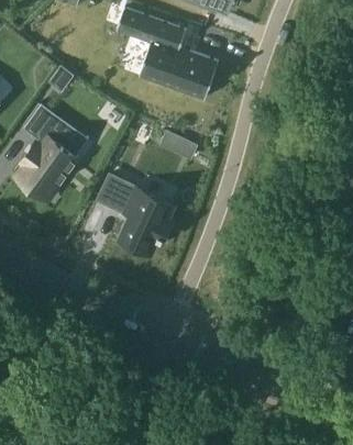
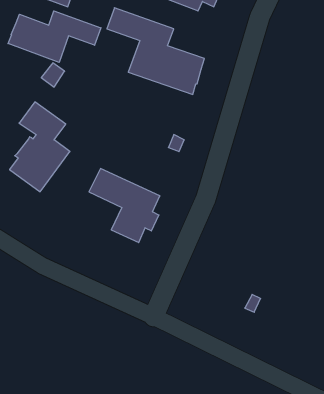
building: none -> [8,11,101,62]

